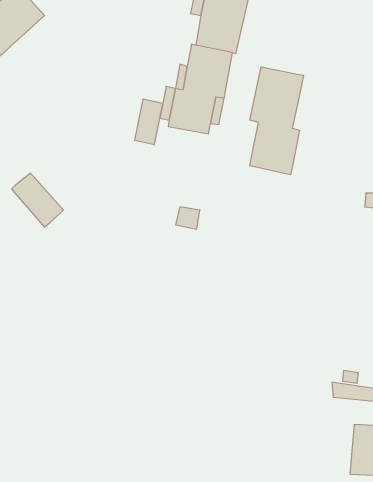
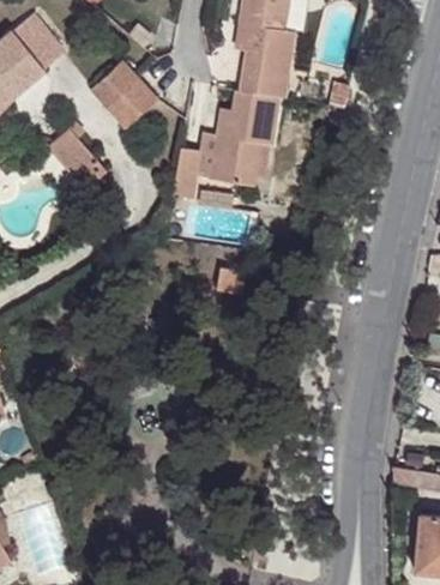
building: none -> [92,61,158,127]
building: [250,67,304,175] -> none
building: [12,173,63,227] -> [50,129,109,191]

